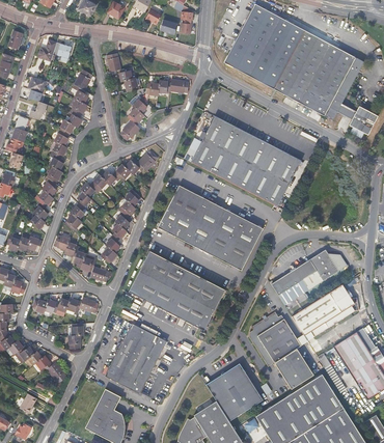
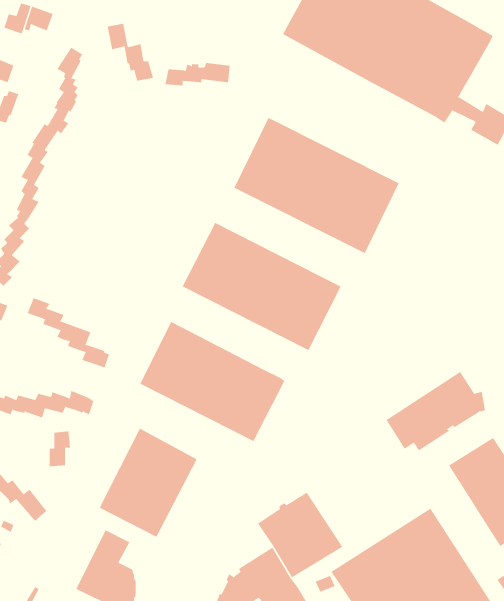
building: [120,98,148,140] -> none
building: [64,149,159,231] -> none
building: [101,188,141,264] -> none
building: [270,249,347,304] -> none
building: [249,310,313,392] -> none

